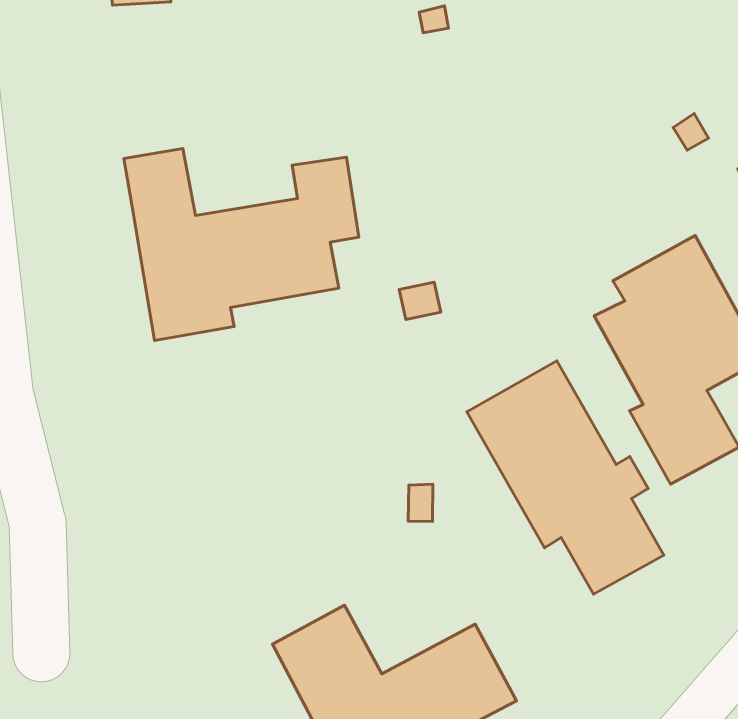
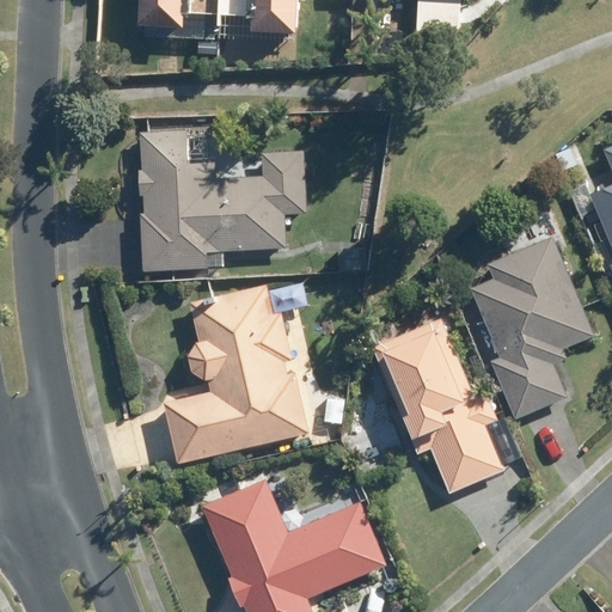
building: none -> [164,287,308,463]

